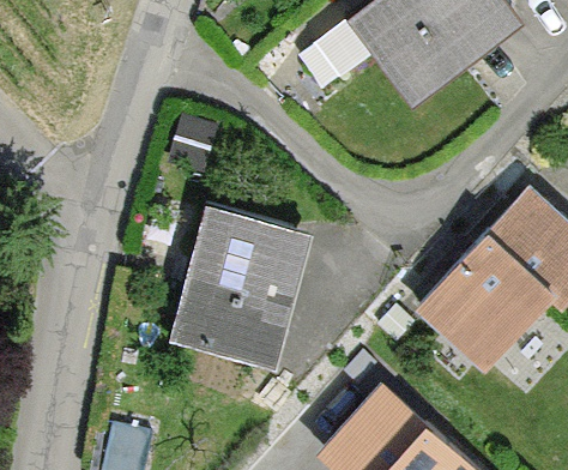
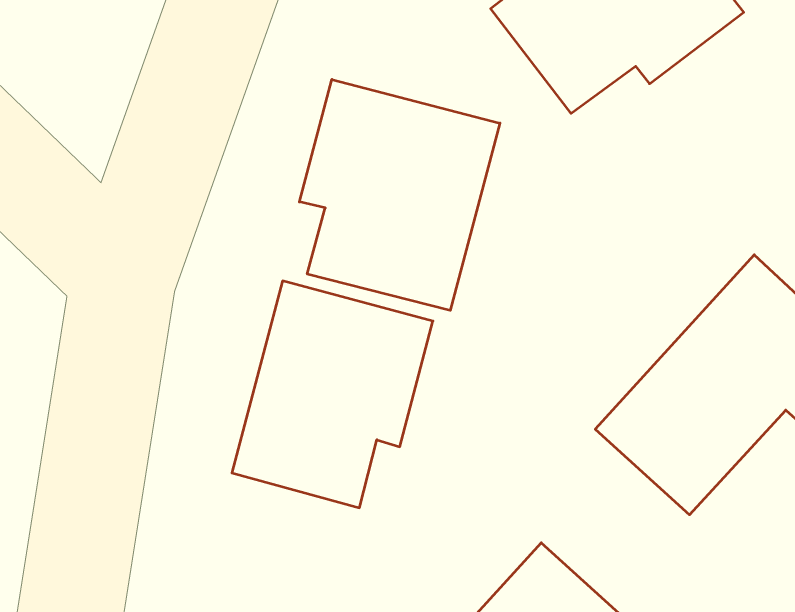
building: none -> [299,79,500,310]

